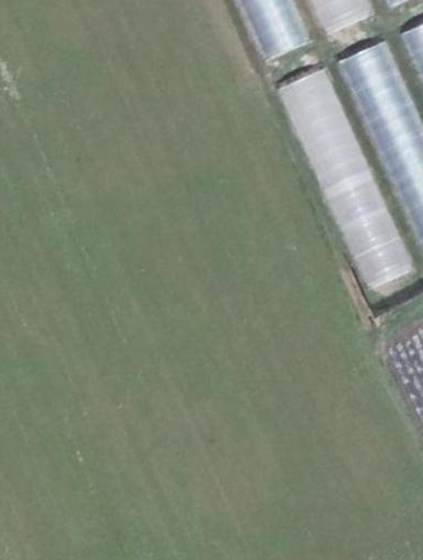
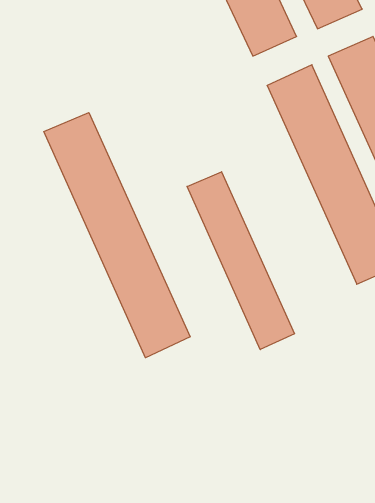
building: none -> [44,113,190,358]
building: none -> [187,172,295,350]

